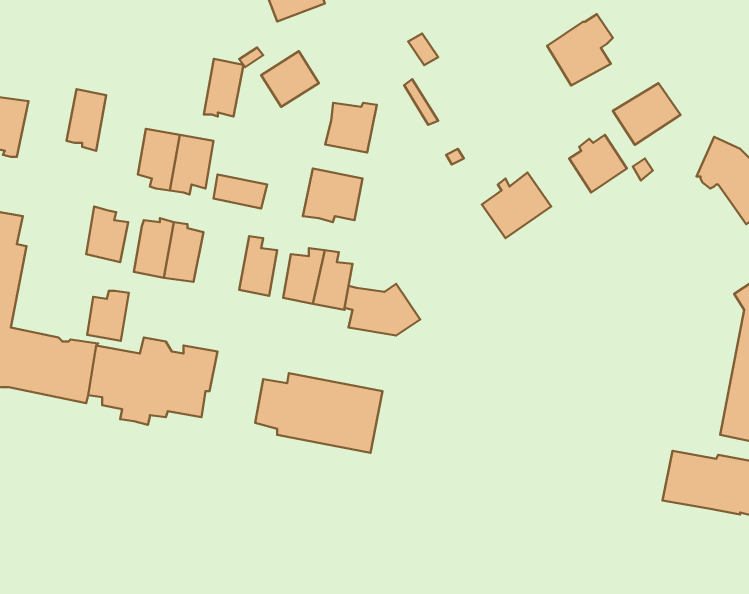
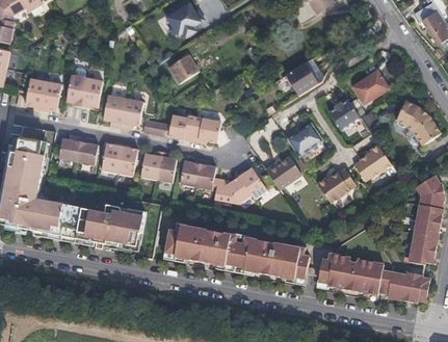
building: [547,14,613,86] -> [285,58,319,96]
building: [204,59,244,117] -> [81,78,102,108]
building: none -> [39,81,61,112]
building: [325,103,377,153] -> [167,115,194,141]
building: none -> [353,143,391,180]
building: none -> [139,151,161,180]
building: none -> [265,157,300,189]
building: none -> [314,165,352,200]
building: none -> [237,167,266,200]
building: [87,291,129,341] -> [58,135,80,161]
building: none -> [225,232,309,279]
building: none -> [317,248,384,290]

